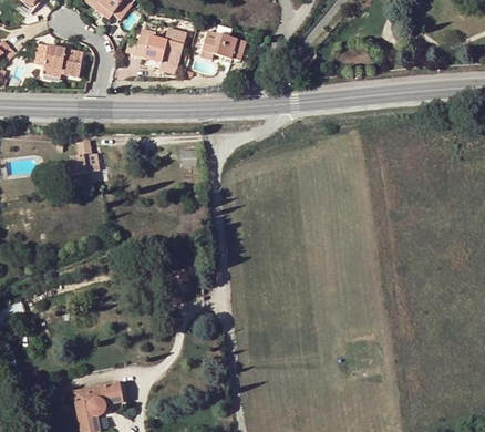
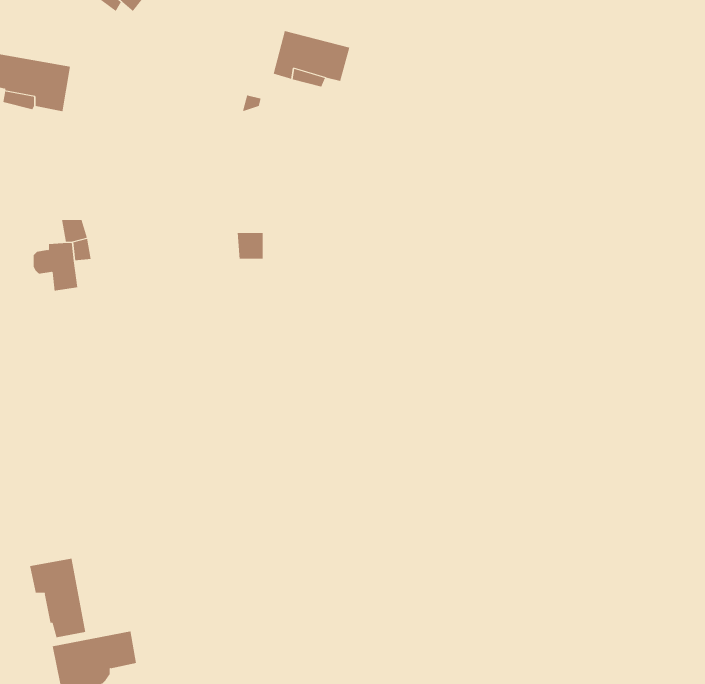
building: [125,27,186,72] -> none
building: none -> [29,558,86,638]

